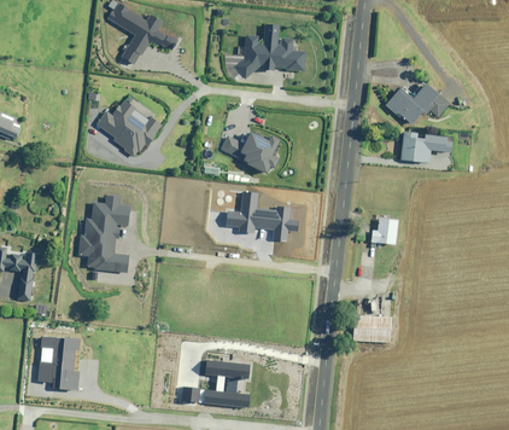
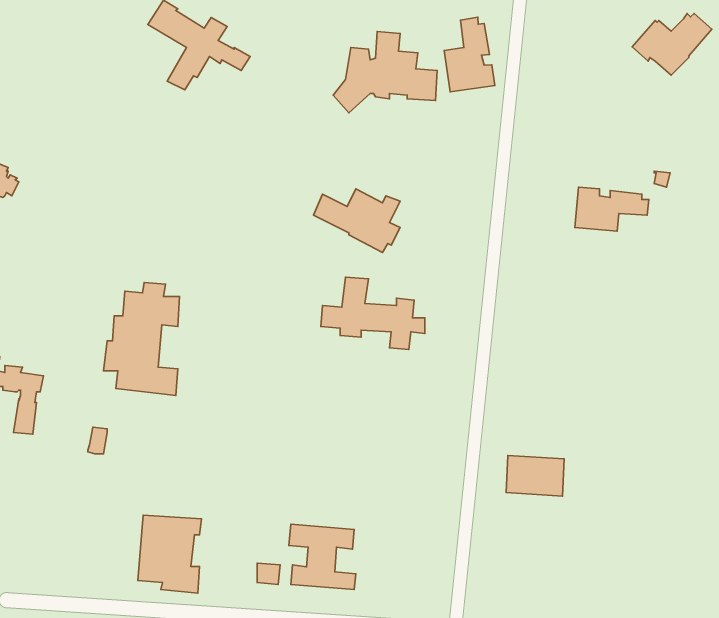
building: none -> [444,17,495,92]
building: [385,81,439,123] -> [632,13,712,75]
building: [96,94,160,158] -> none
building: [370,216,398,244] -> none
building: [36,337,80,390] -> [138,515,201,593]

